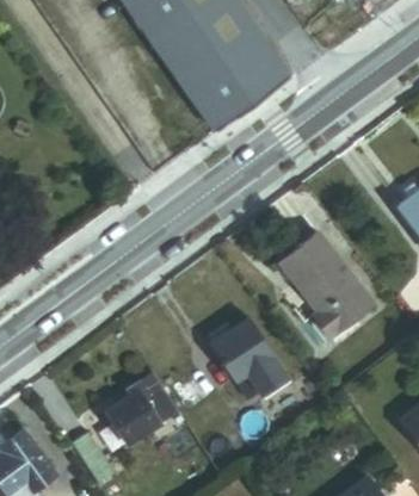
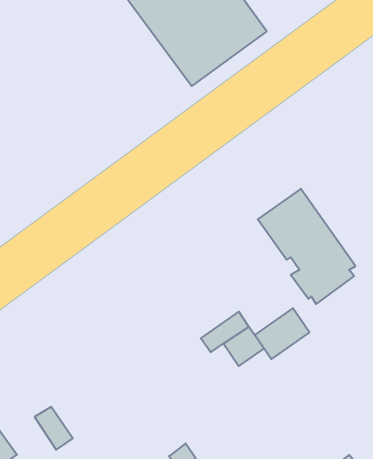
building: [211,320,263,367] -> [255,308,309,359]
building: [105,380,178,447] -> none

